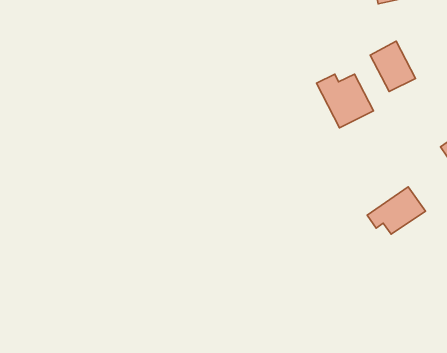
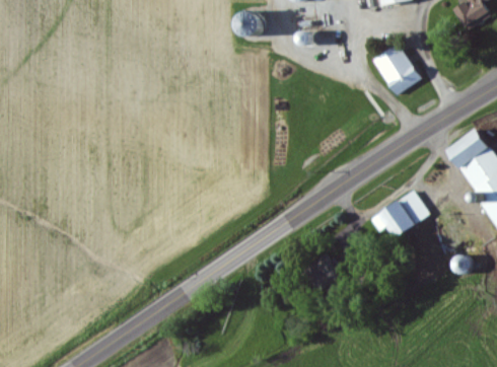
building: [317,74,374,128] -> none

